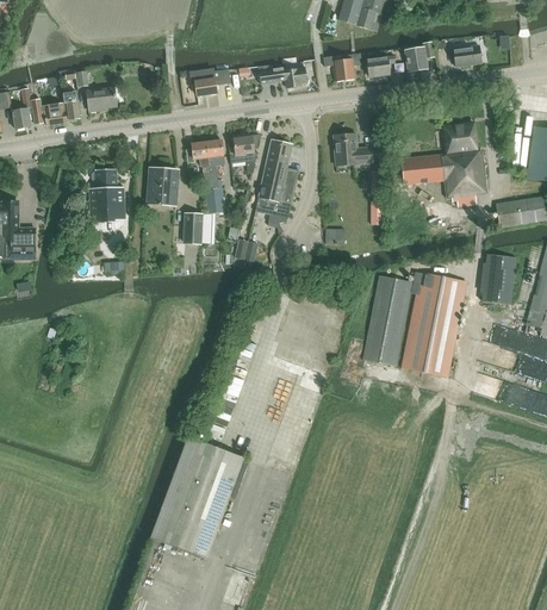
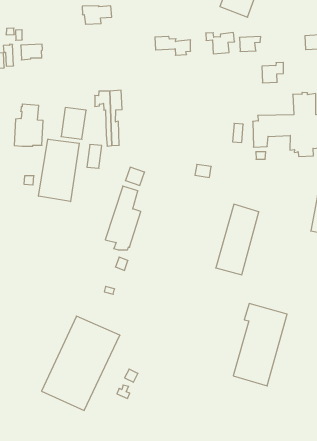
building: [406,42,435,70] -> [262,62,283,83]
building: [191,68,230,94] -> [82,6,112,24]
building: [334,132,373,164] -> none
building: [229,135,256,163] -> none
building: [256,138,299,222] -> [105,186,141,250]
building: none -> [39,139,79,202]
building: [403,270,466,375] -> [233,304,287,386]

